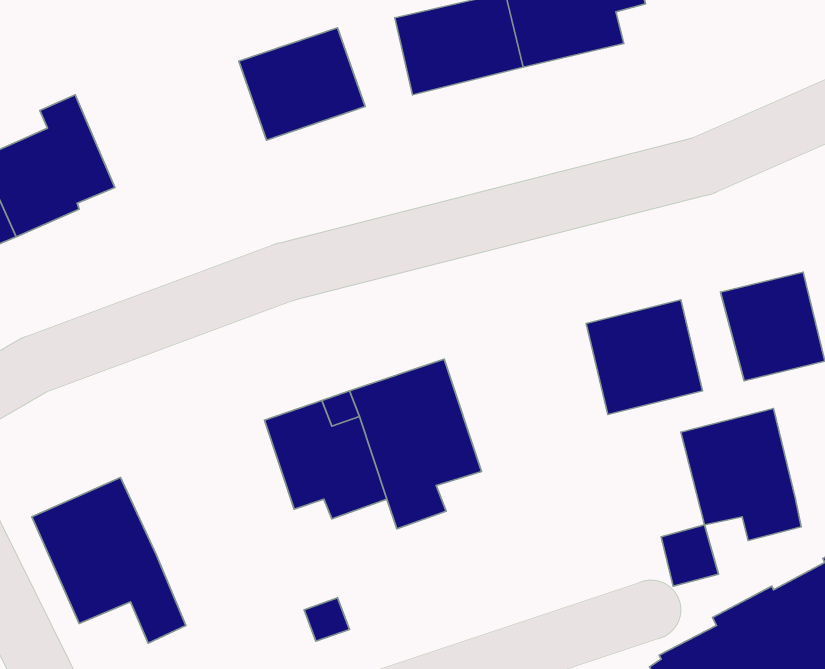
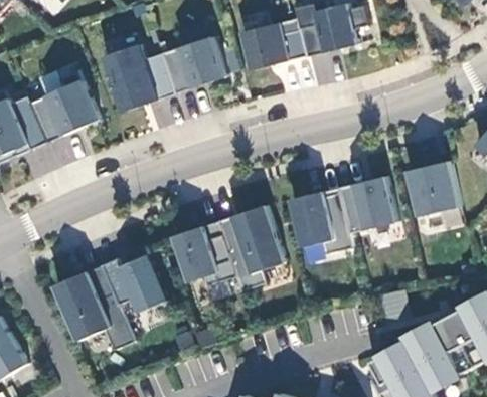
building: none -> [102,44,174,112]
building: [681,408,801,541] -> [290,187,351,254]
building: none -> [100,246,167,312]

